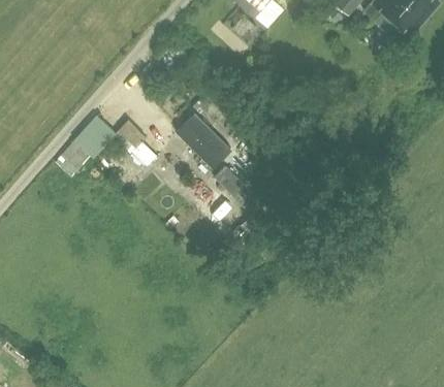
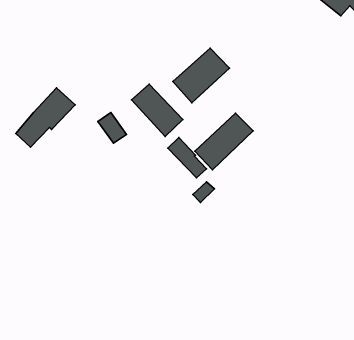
building: none -> [173,48,229,103]
building: none -> [195,113,253,170]

